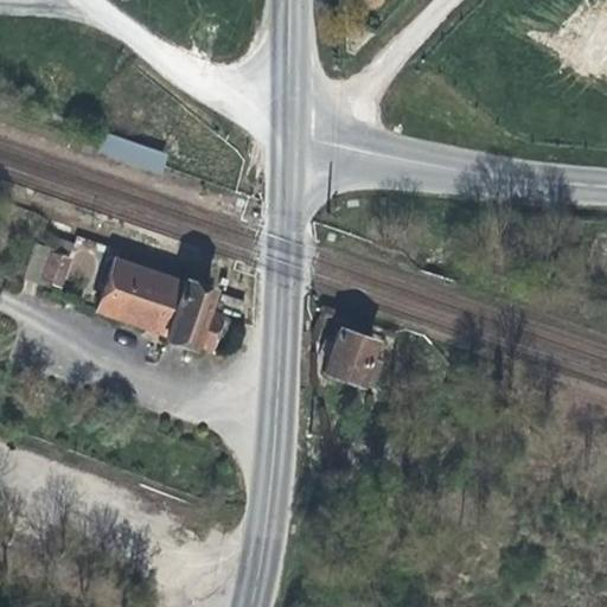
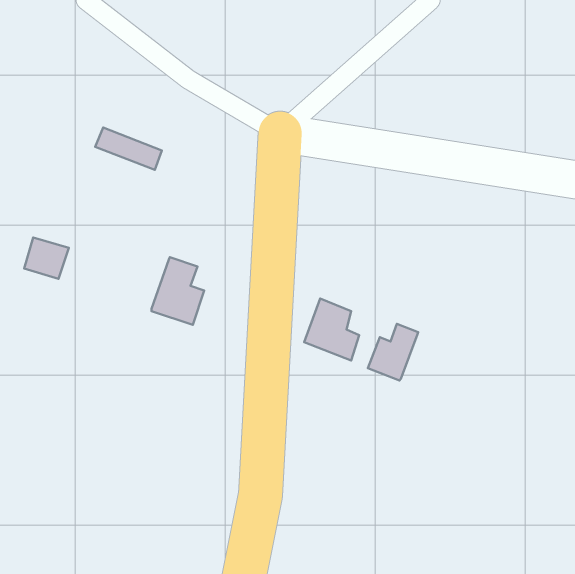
building: [101,258,186,332] -> none
building: none -> [368,324,418,381]

